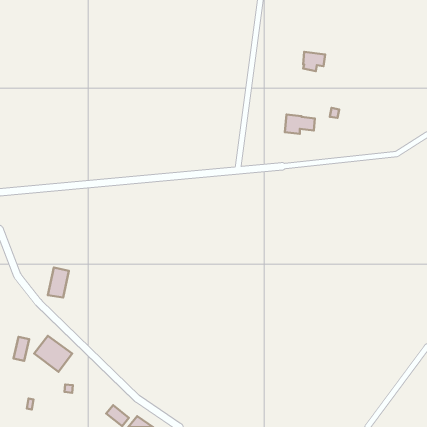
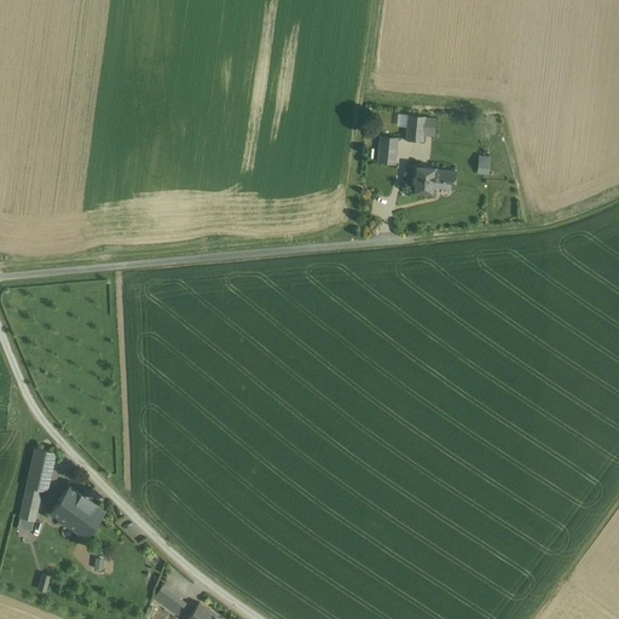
building: [303,52,325,71] -> [404,116,435,144]
building: none -> [376,138,397,166]
building: [48,267,69,298] -> [27,447,57,491]

